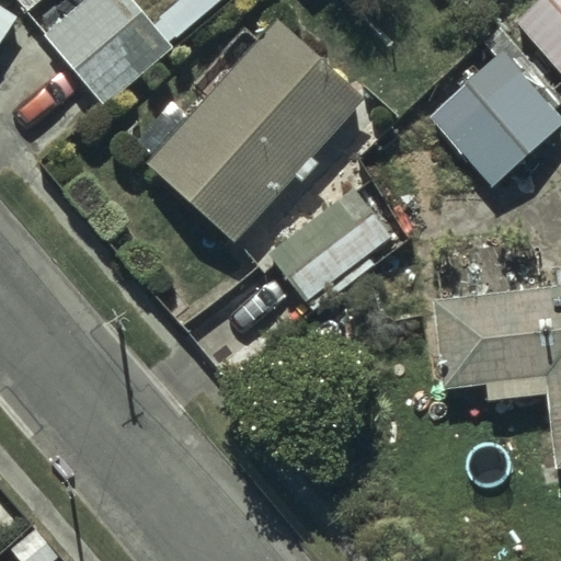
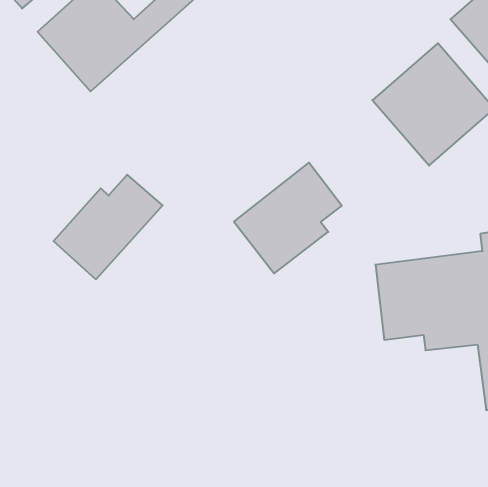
building: [147,21,362,240] -> none
building: none -> [54,175,163,279]

